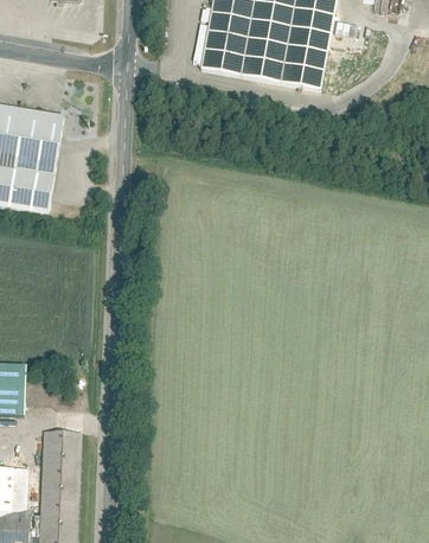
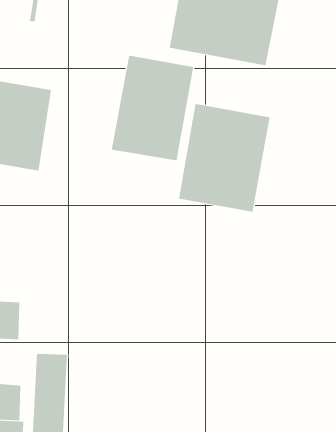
building: none -> [111,55,194,161]
building: none -> [179,103,270,212]

